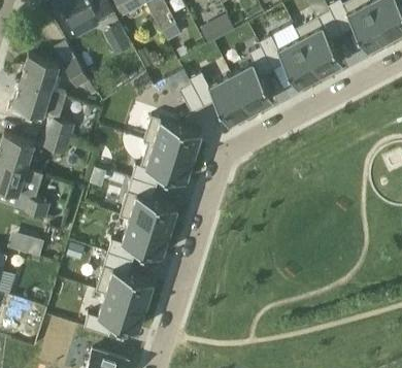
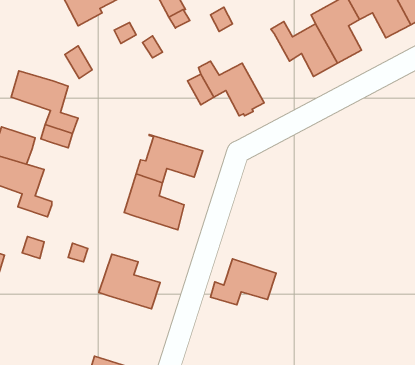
building: [231,47,275,112] -> none
building: [21,56,61,92] -> none
building: [143,118,202,158] -> none
building: [108,219,170,262] -> [211,259,276,305]
building: [85,294,145,336] -> none

